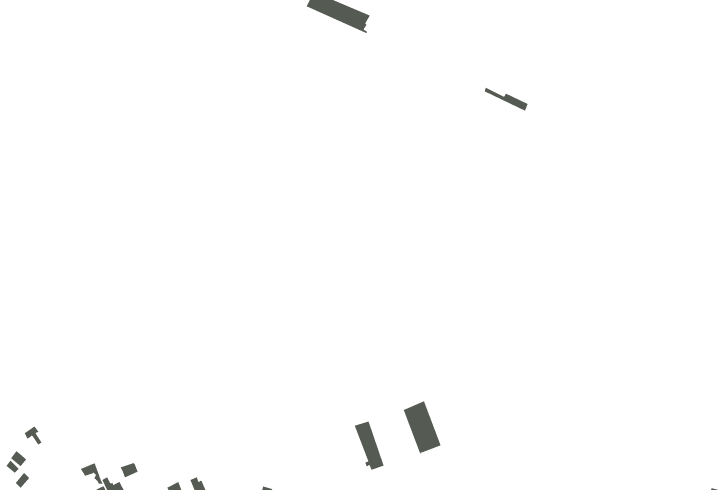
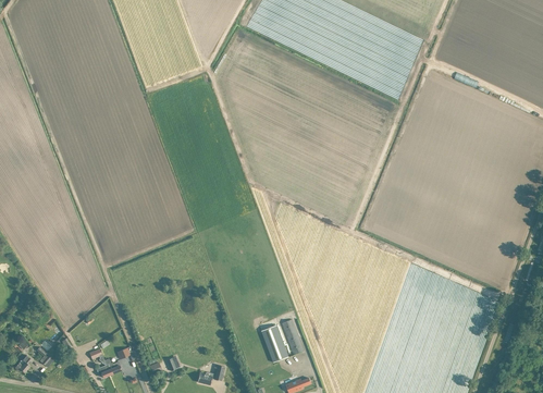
building: [403,401,442,455] -> [260,323,287,361]

